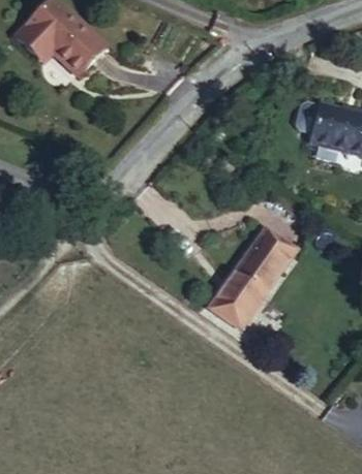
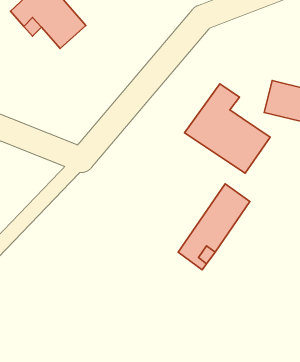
building: none -> [184,84,270,173]

